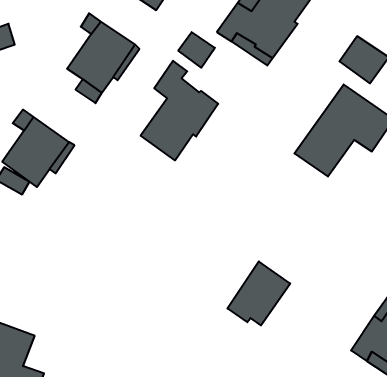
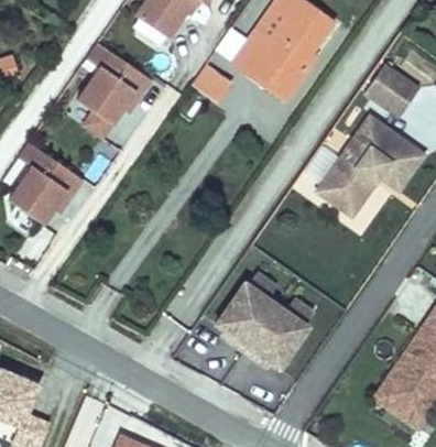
building: [141,61,218,160] -> none
building: none -> [214,280,277,352]

